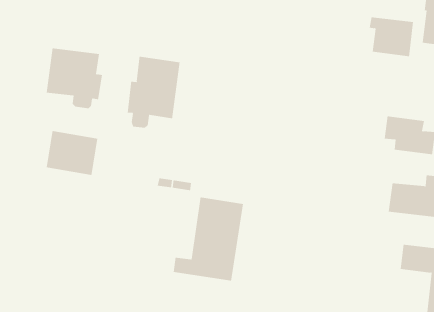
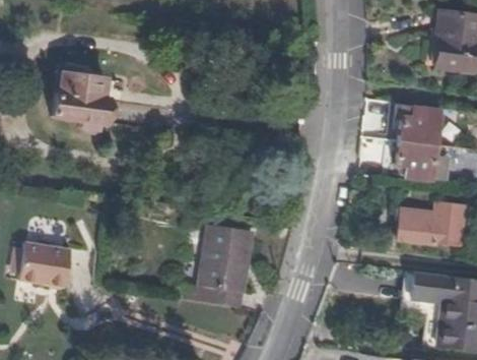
building: [369,17,414,57] -> [395,105,440,145]
building: [127,56,180,128] -> none
building: [46,131,98,176] -> [18,241,71,287]

